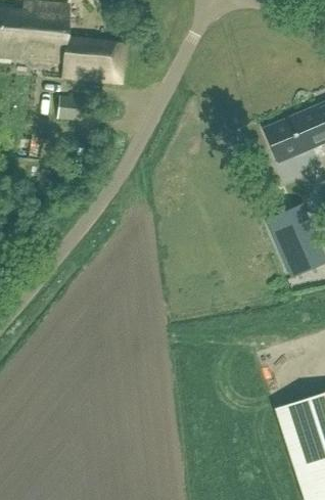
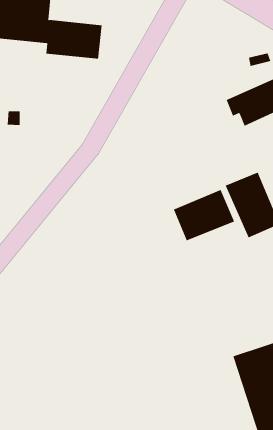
building: [57,97,90,124] -> none
building: none -> [173,189,235,241]

